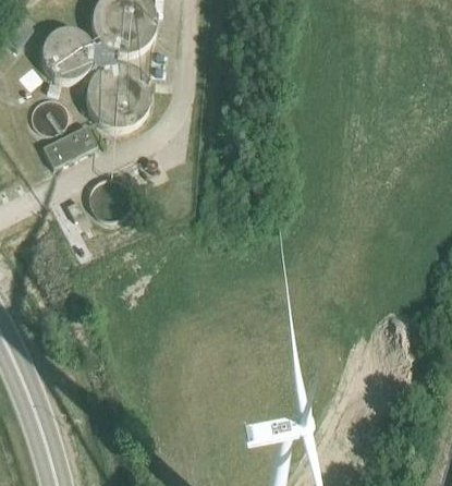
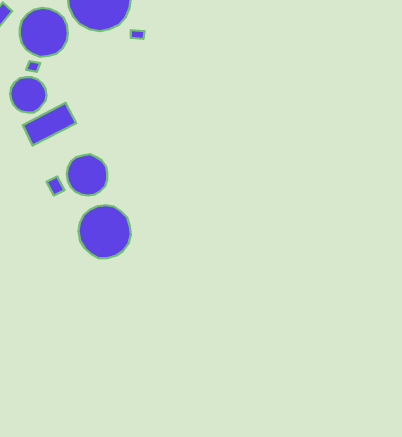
building: [89,64,154,129] -> none
building: none -> [79,205,131,258]

